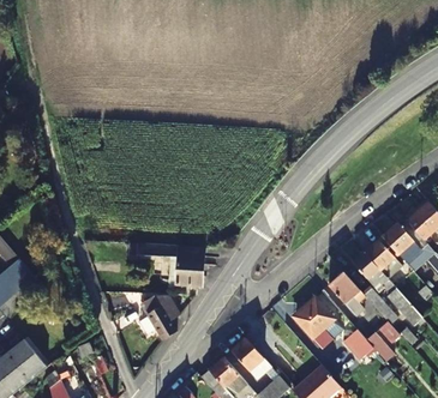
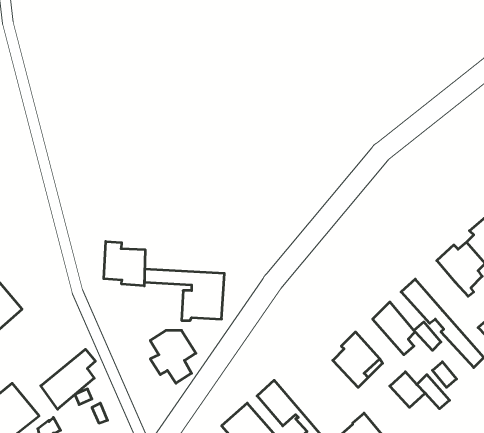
building: none -> [104,241,145,286]
building: [365,237,402,279] -> none
building: none -> [41,349,95,409]

